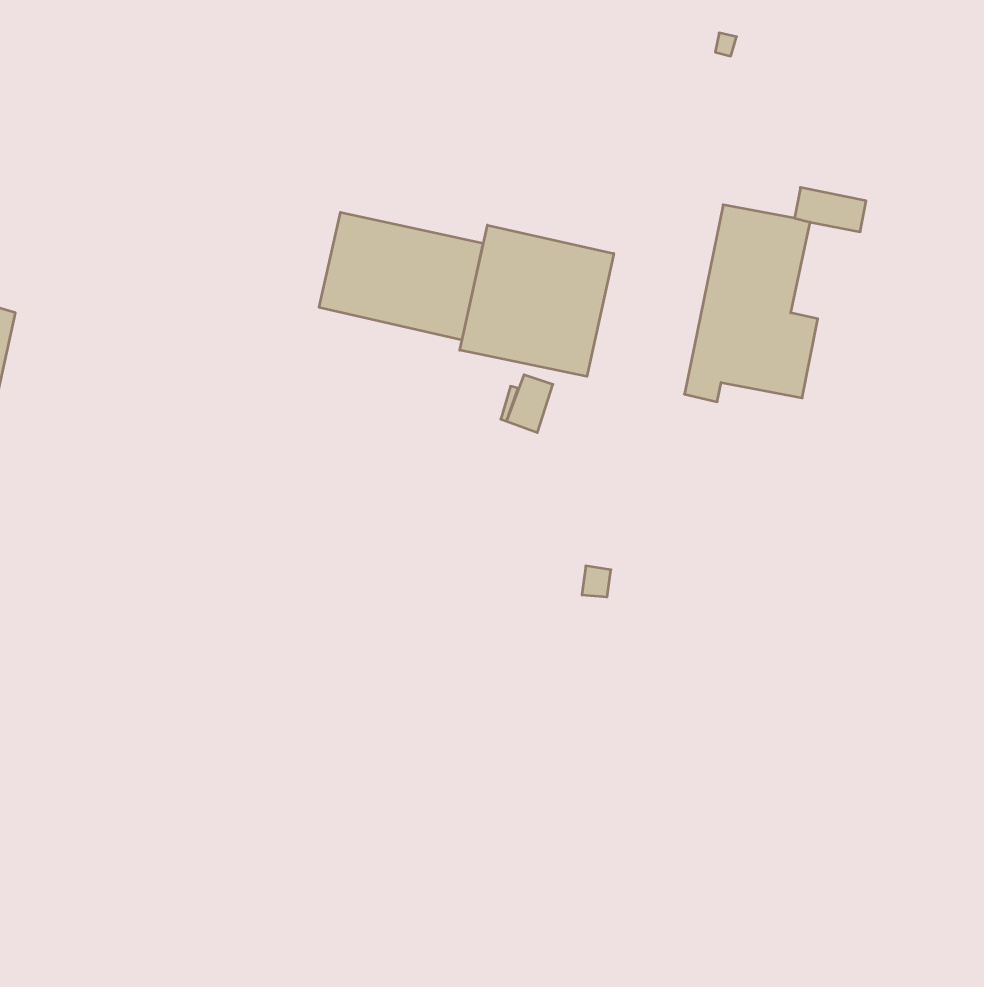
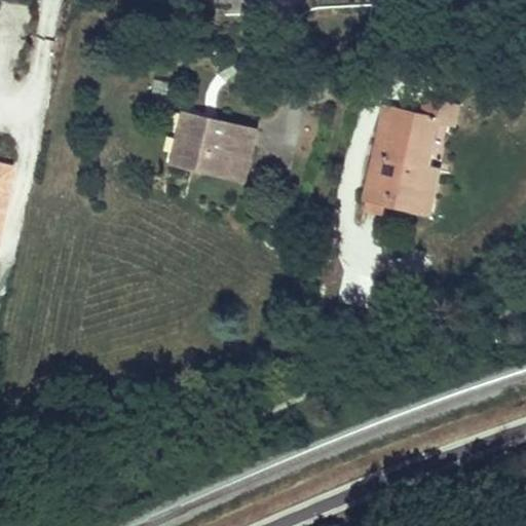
building: [460,225,614,376] -> none

